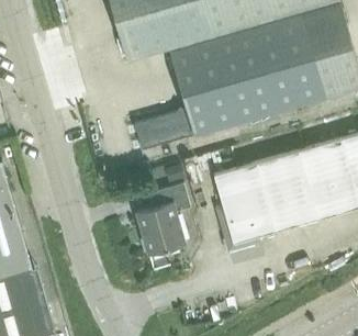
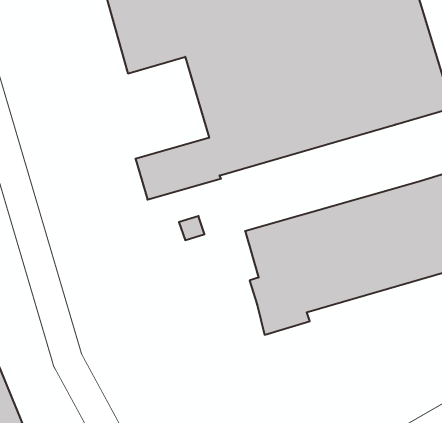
building: [136,184,190,256] -> none

